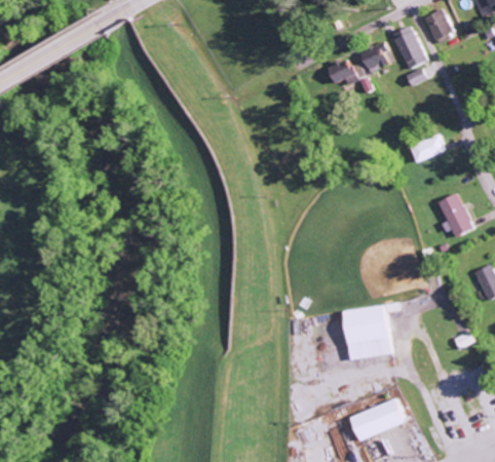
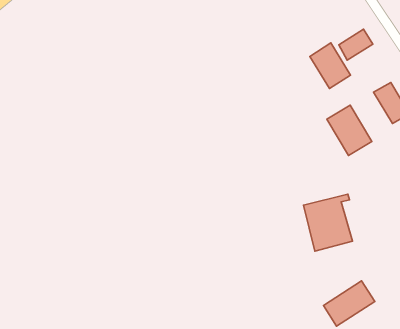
building: none -> [310,43,350,89]
building: none -> [327,105,372,155]

